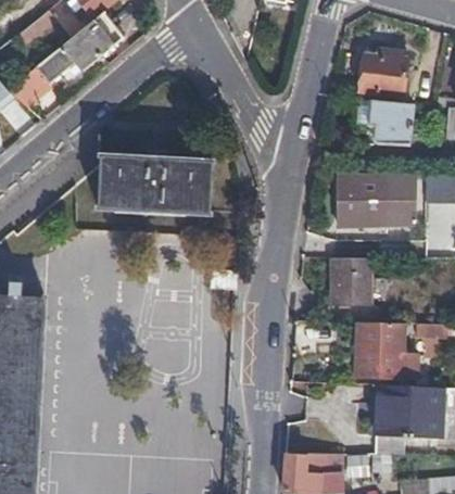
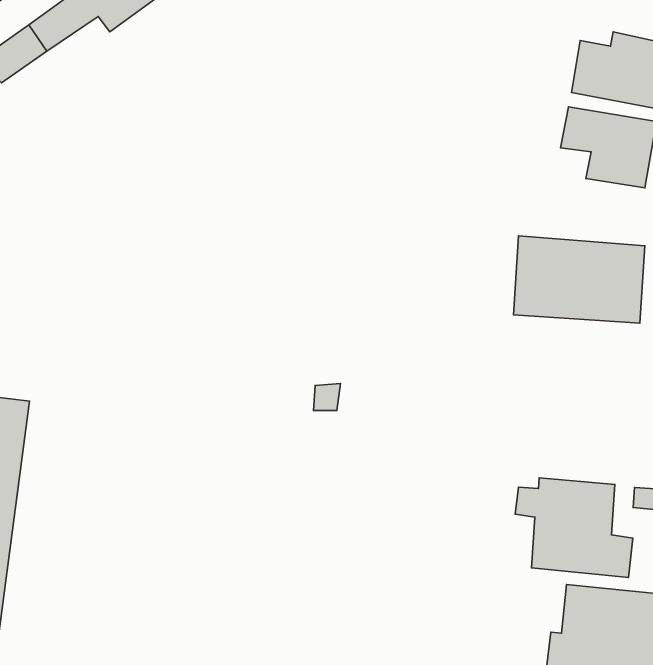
building: [94,155,212,214] -> none
building: [330,257,369,305] -> none

